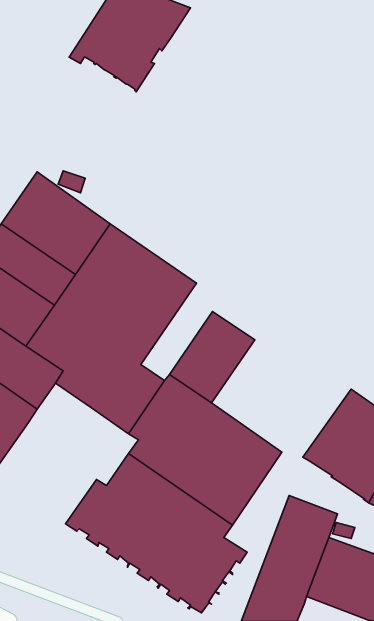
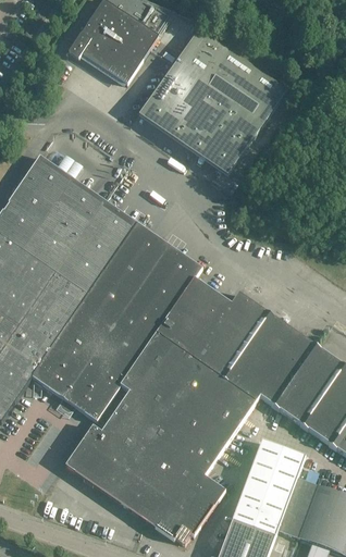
building: none -> [137,27,287,176]
building: none -> [131,252,201,338]
building: none -> [193,293,316,406]
building: none -> [32,341,120,420]

